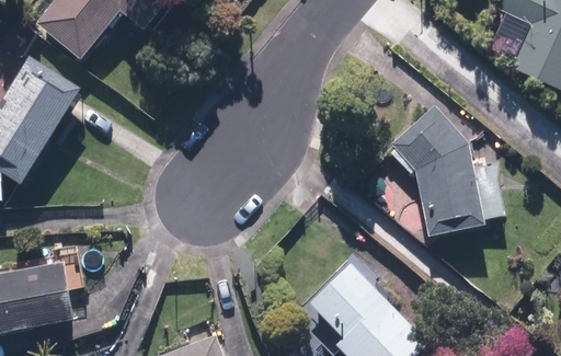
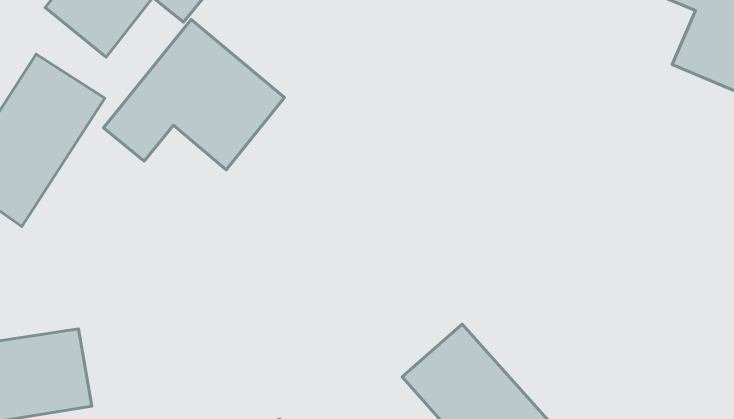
building: none -> [103,19,285,170]
building: [383,105,505,237] -> none

